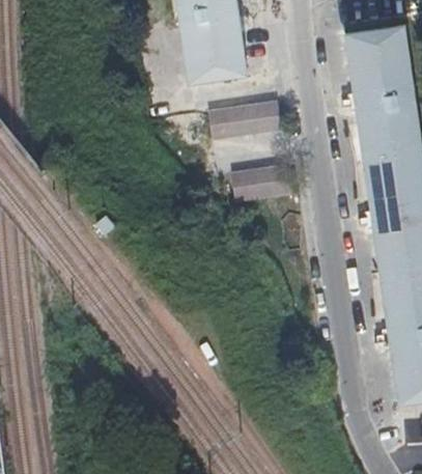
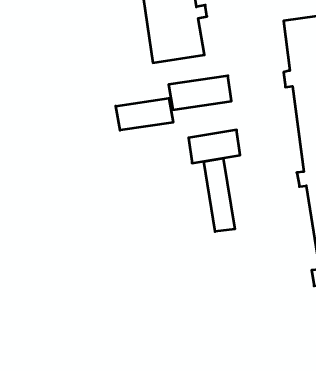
building: none -> [116,98,173,130]
building: none -> [204,158,235,232]

